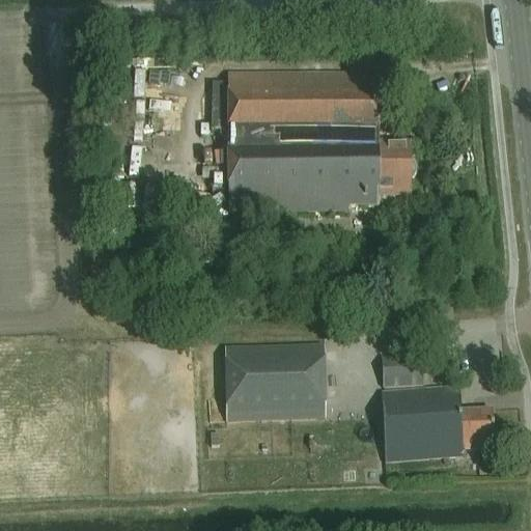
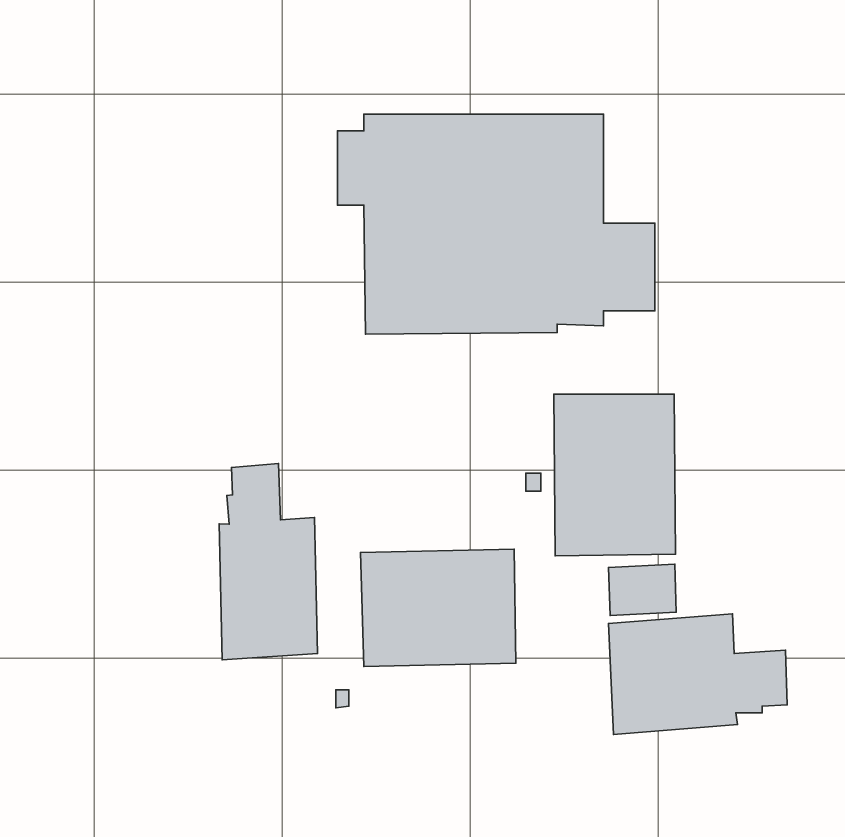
building: none -> [554,394,675,556]
building: none -> [219,464,318,660]

